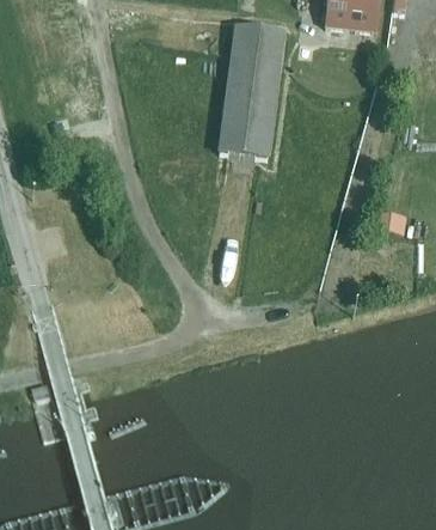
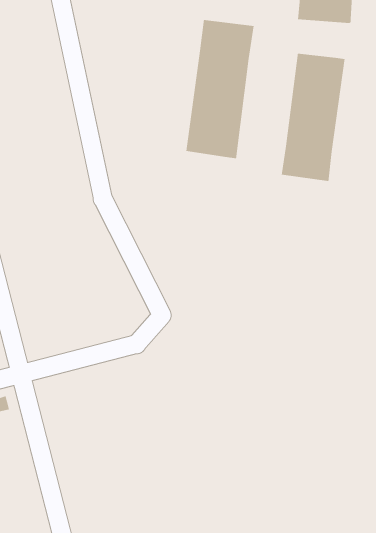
building: none -> [281,53,345,182]

